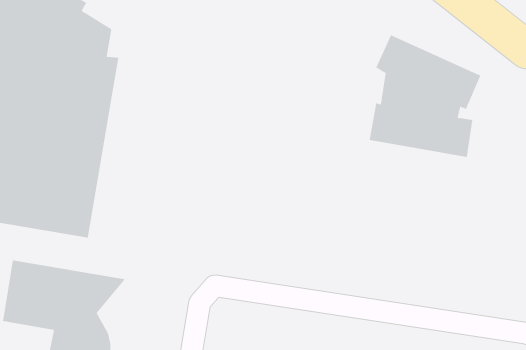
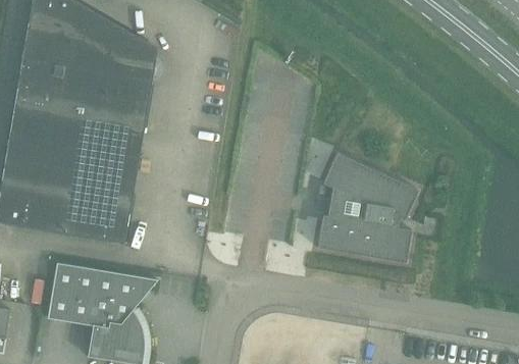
building: [369,35,481,157] -> [317,154,418,264]

